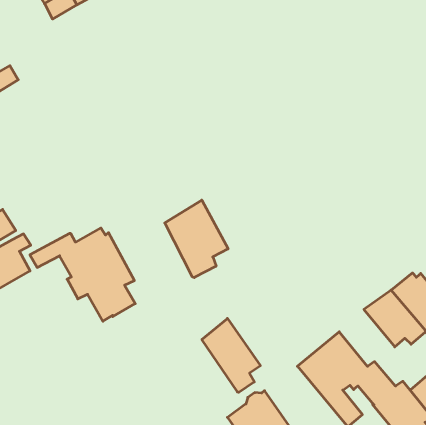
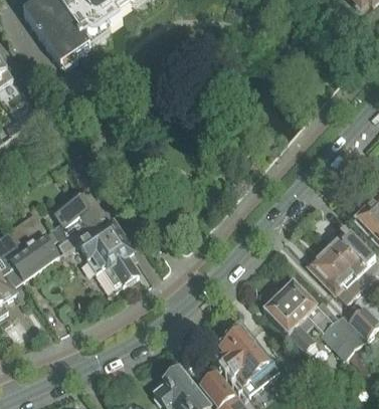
building: none -> [55,189,109,229]
building: [165,200,228,278] -> none
building: [202,318,260,392] -> none

